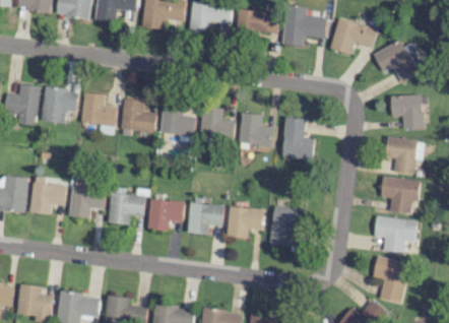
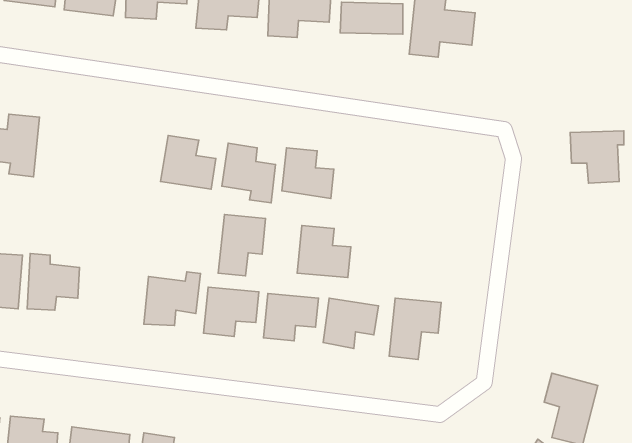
building: [331,17,379,53] -> none
building: [374,39,419,82] -> none
building: [41,86,79,123] -> none
building: [82,92,116,125] -> none
building: [239,112,274,146] -> [297,225,351,278]
building: [282,116,315,158] -> none
building: [385,136,418,173] -> none
building: none -> [218,215,266,276]
building: [382,176,421,213] -> none
building: [69,185,106,217] -> none
building: [375,215,418,253] -> none

